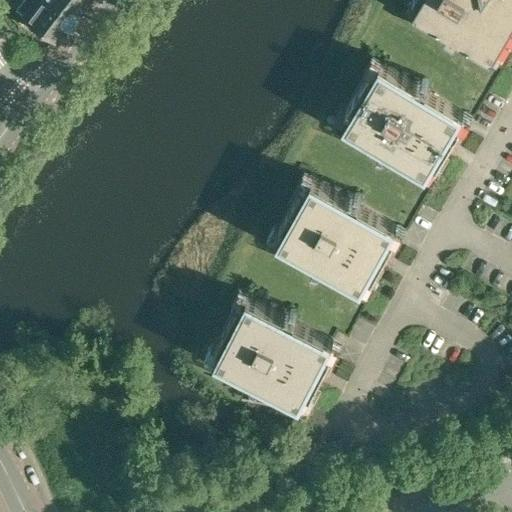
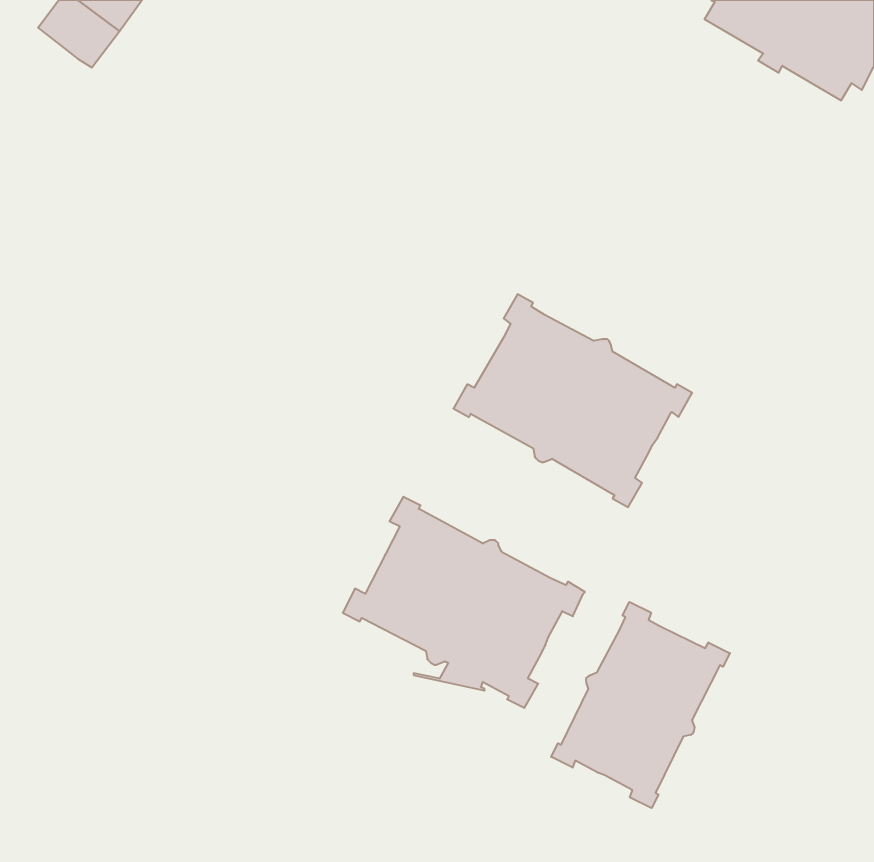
building: [328,67,467,192] -> none
building: none -> [551,602,730,808]

